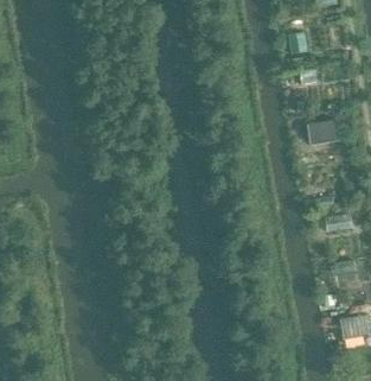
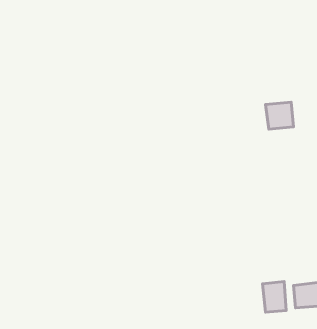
building: none -> [263,282,286,312]

